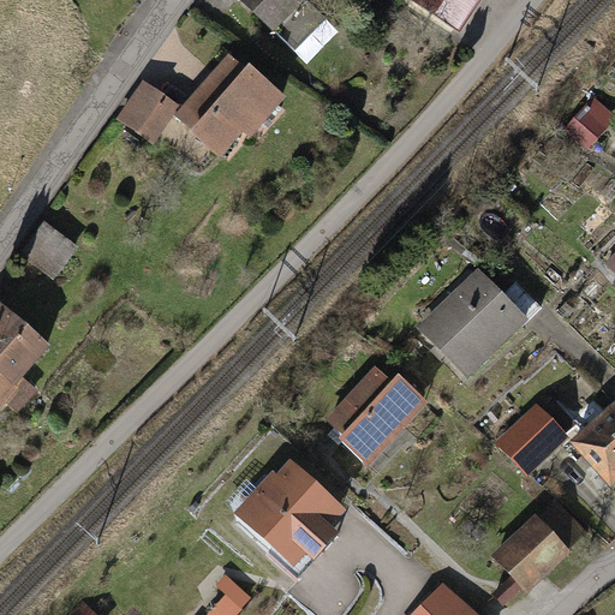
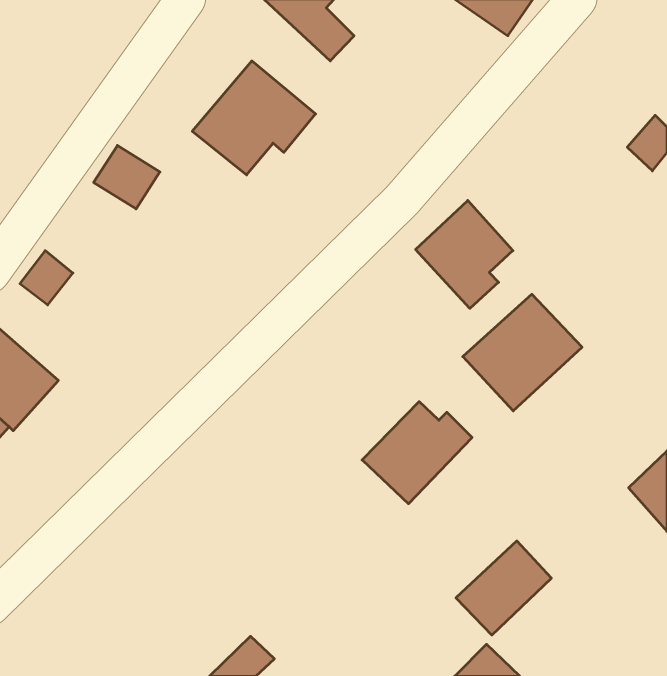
building: [118,84,178,142] -> [94,145,160,209]
building: none -> [416,200,513,308]
building: [495,404,563,471] -> none
building: [239,456,346,563] -> none
building: [491,503,578,589] -> [456,541,551,635]

